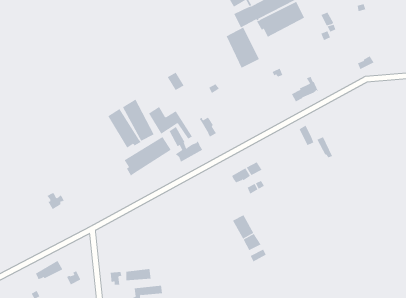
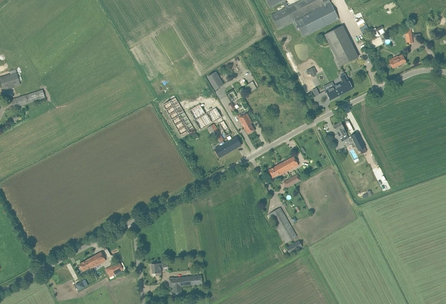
building: [226,27,260,68] -> [325,25,358,65]
building: [107,108,142,148] -> none
building: [124,136,171,177] -> none

